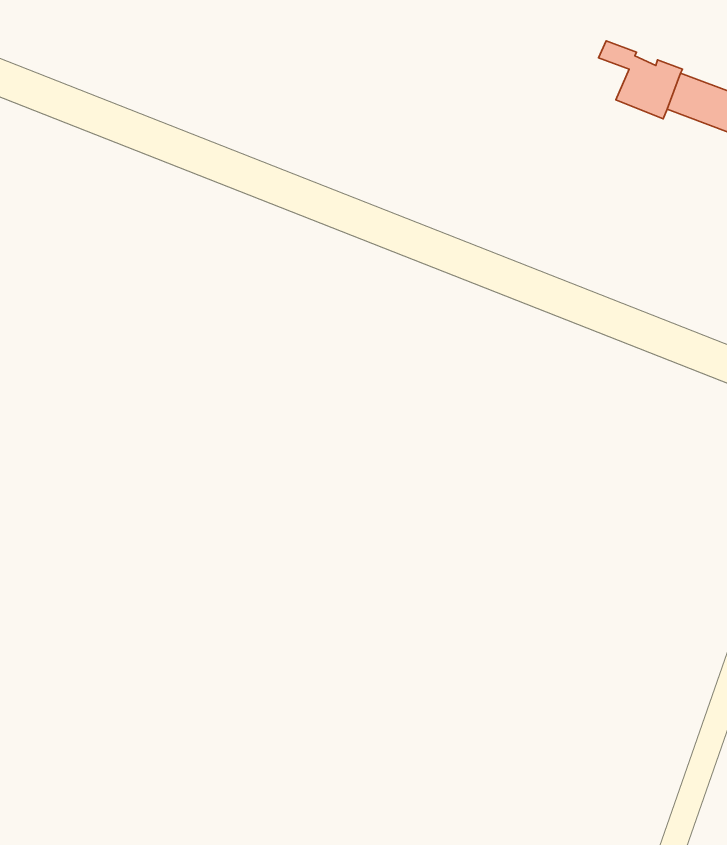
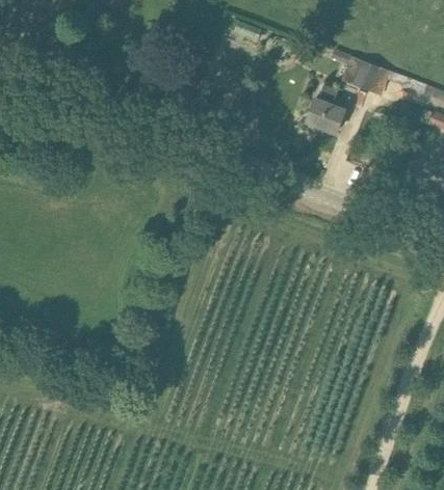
building: none -> [307,83,345,132]

